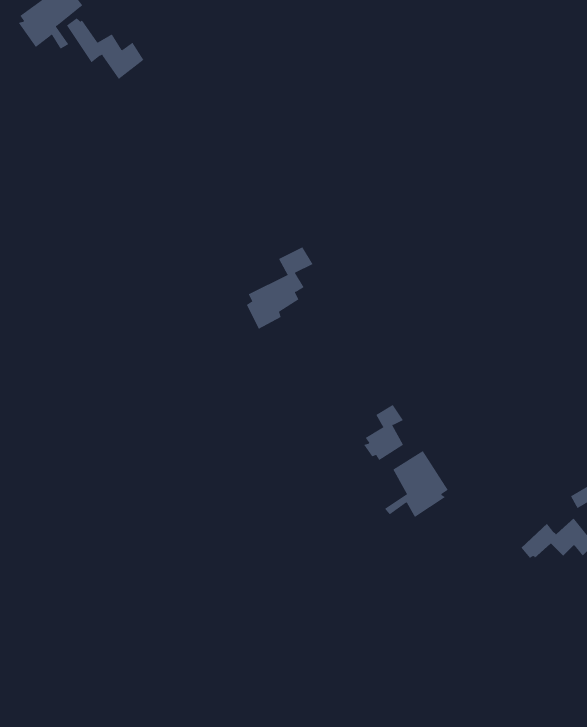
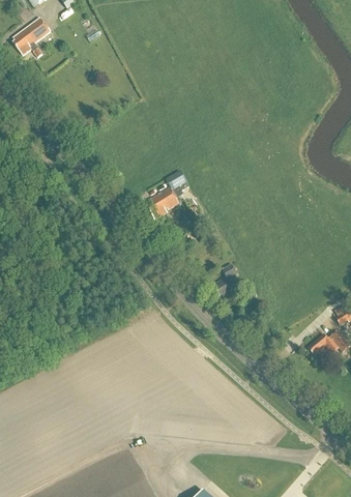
building: [66,18,144,80] -> none
building: [384,450,449,518] -> none

